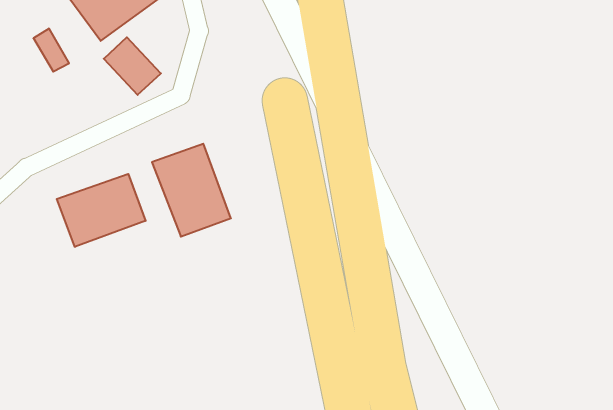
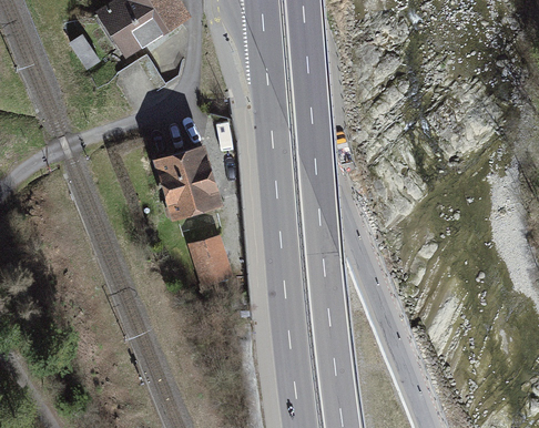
building: [57,174,146,247] -> none
building: none -> [190,241,228,286]

